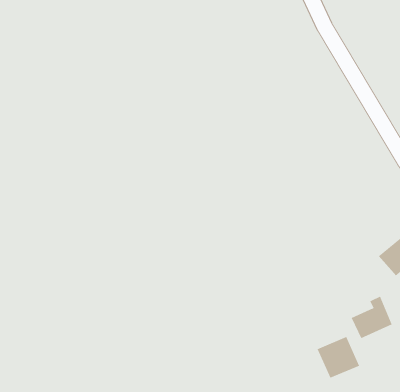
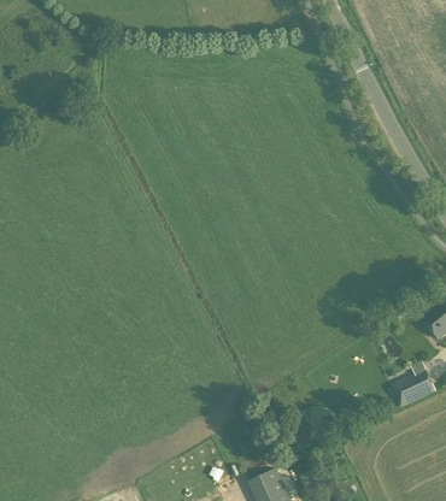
building: [317,336,360,379] -> none

